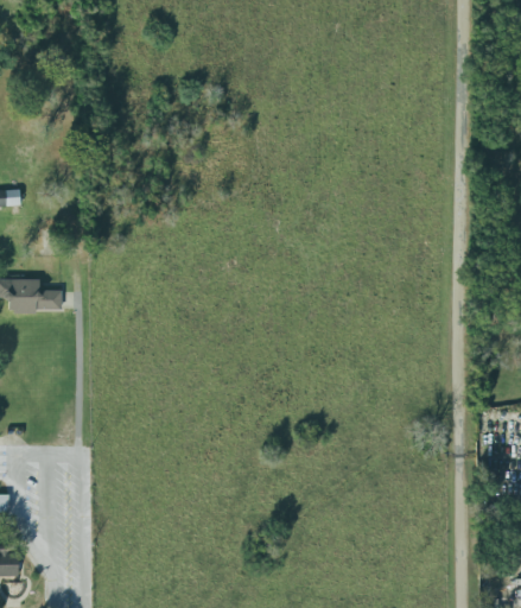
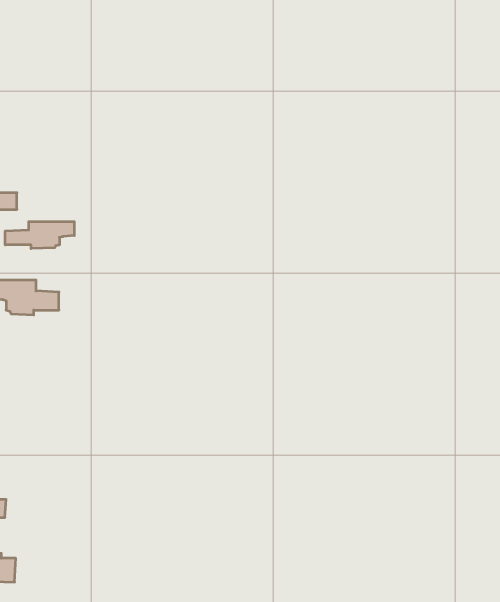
building: none -> [5,222,74,249]

